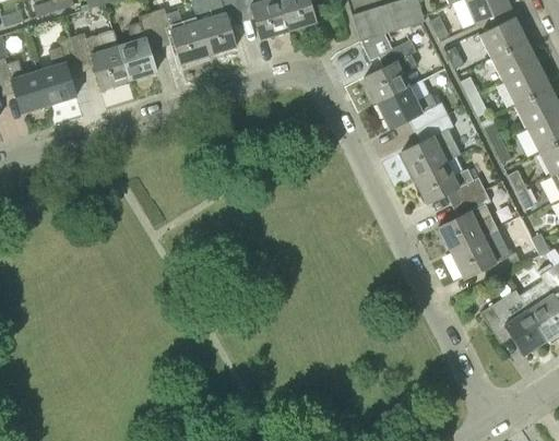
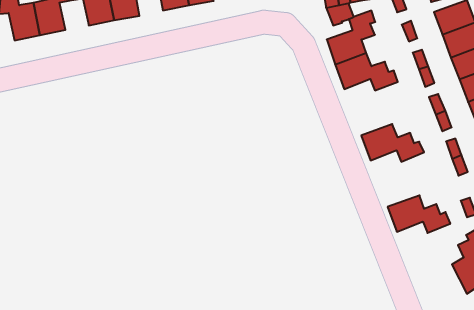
building: [402,116,454,179] -> none
building: [439,190,490,254] -> none
building: [480,306,548,356] -> none

